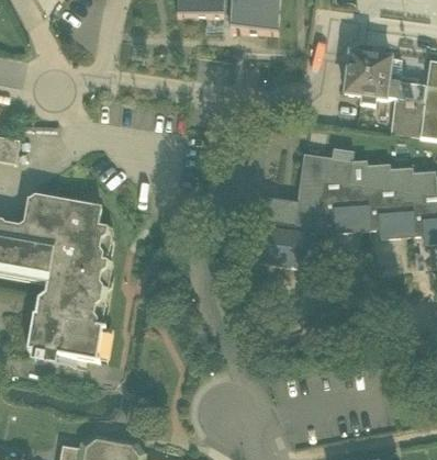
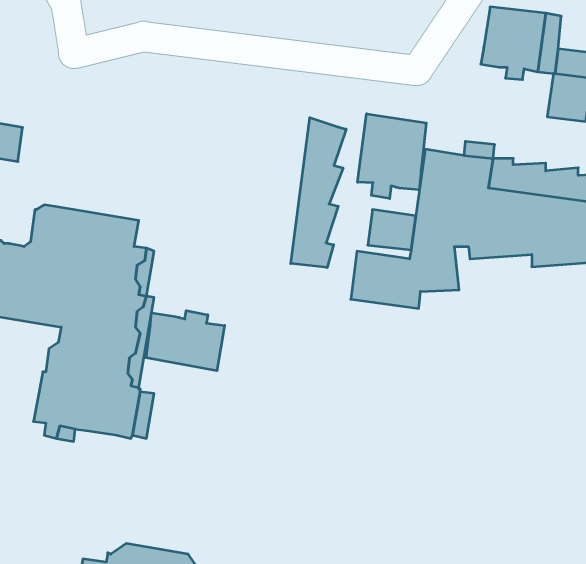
building: none -> [358,114,426,199]
building: none -> [291,118,346,268]
building: none -> [146,311,225,371]

